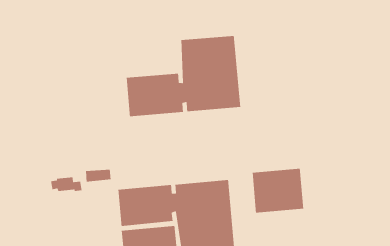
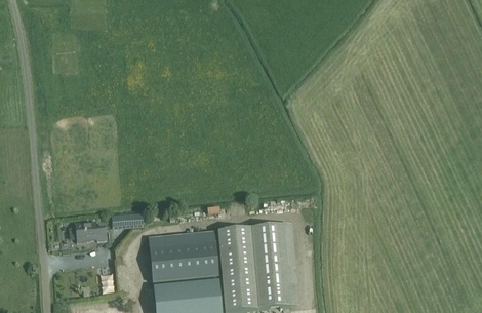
building: [126,35,241,117] -> none
building: [252,168,304,213] -> none

